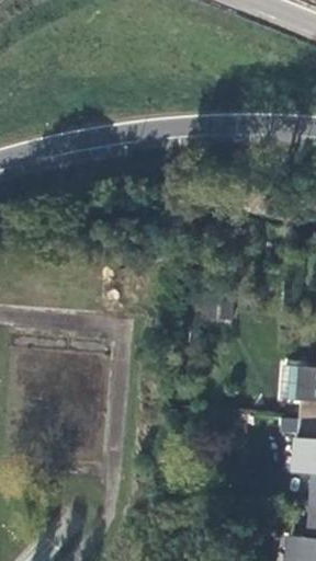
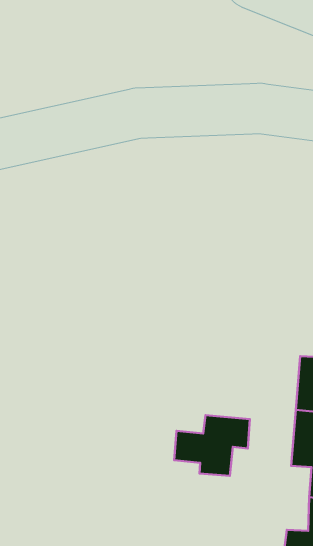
building: none -> [174,415,250,476]

